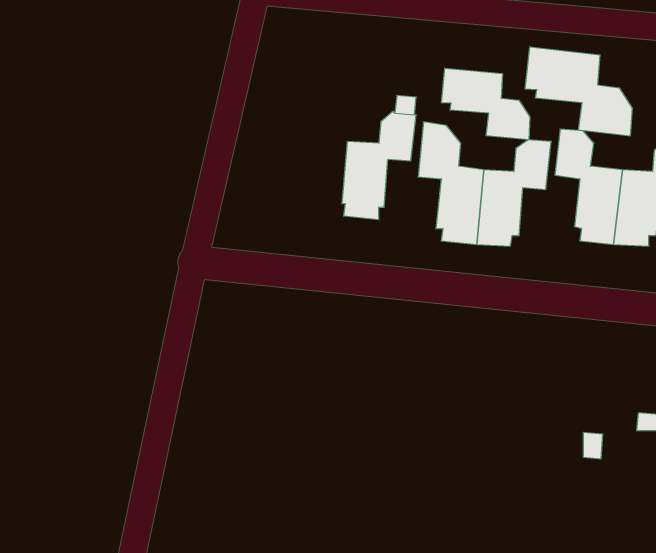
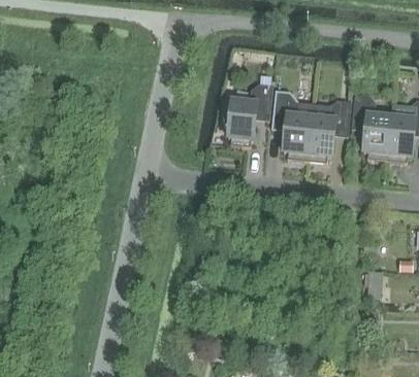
building: [525,47,632,136] -> none
building: [442,68,530,140] -> none

